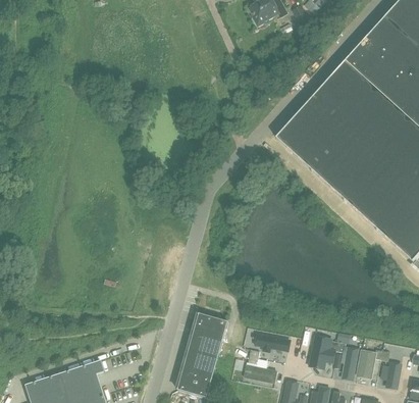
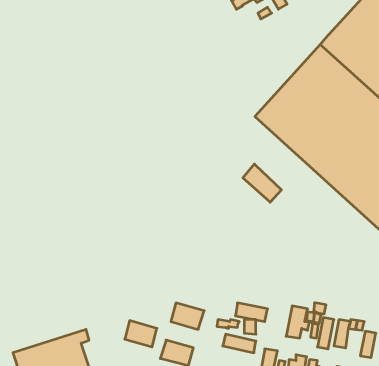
building: none -> [243,164,281,202]
building: [193,313,227,340] -> none
building: [182,351,216,379] -> [125,321,157,347]

